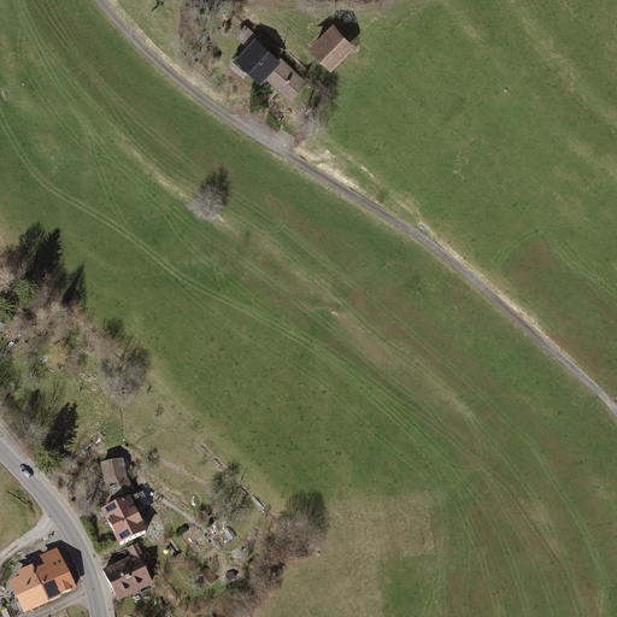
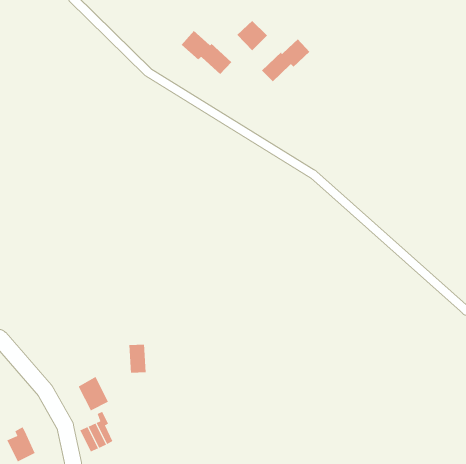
building: none -> [261,39,310,82]
building: [105,457,129,495] -> [128,344,147,373]
building: [34,548,72,598] -> none

